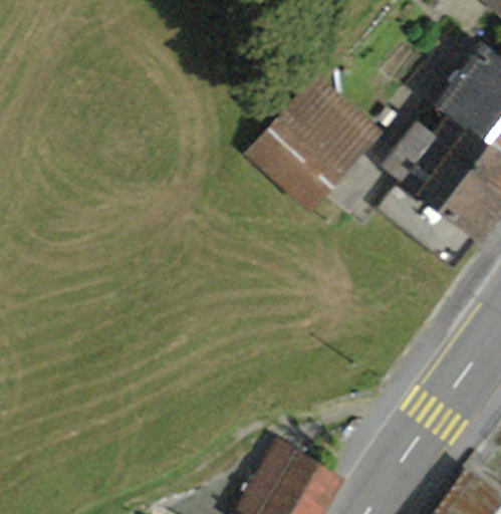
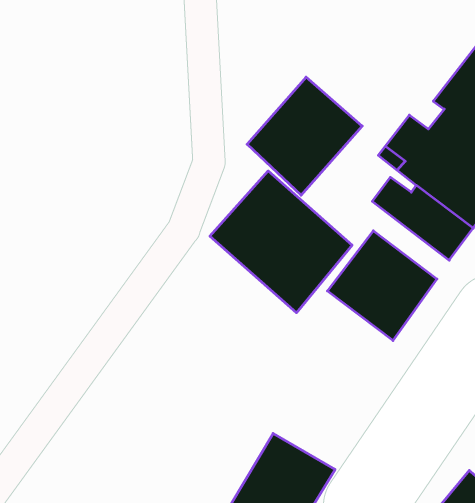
building: none -> [210,171,352,313]
building: none -> [327,231,437,341]

